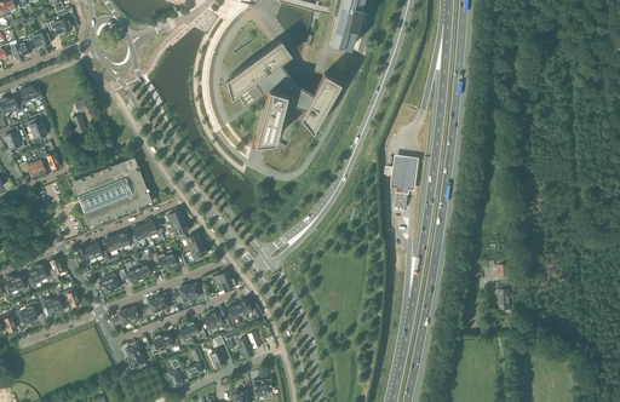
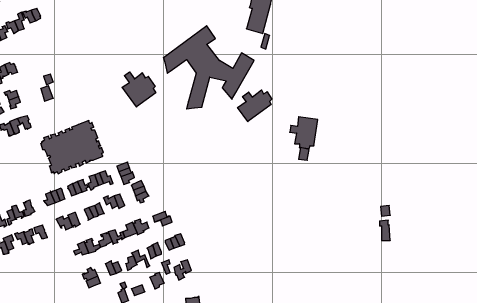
building: none -> [122,72,156,107]
building: none -> [238,90,272,122]

